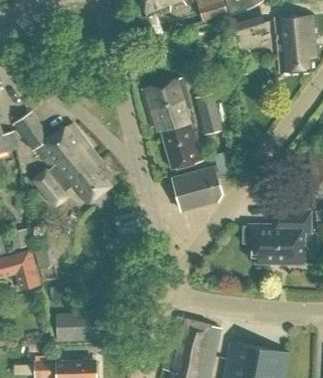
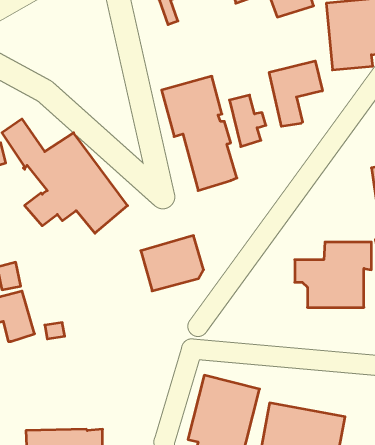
building: none -> [269,61,322,126]
building: [172,167,222,211] -> [141,236,204,291]
building: [56,319,99,341] -> none

